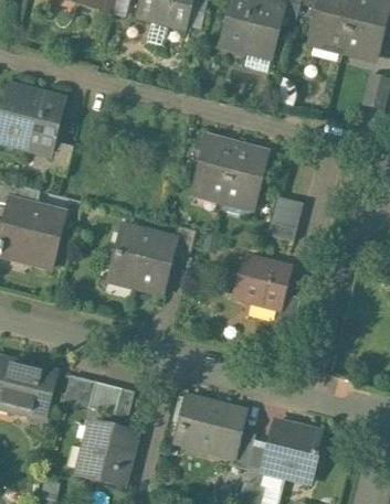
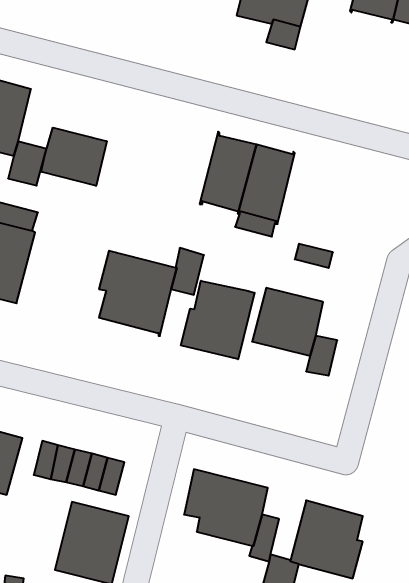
building: none -> [41,128,107,186]
building: [270,195,303,227] -> none
building: none -> [181,281,255,359]

